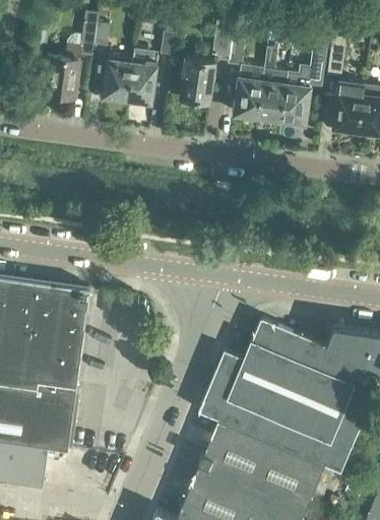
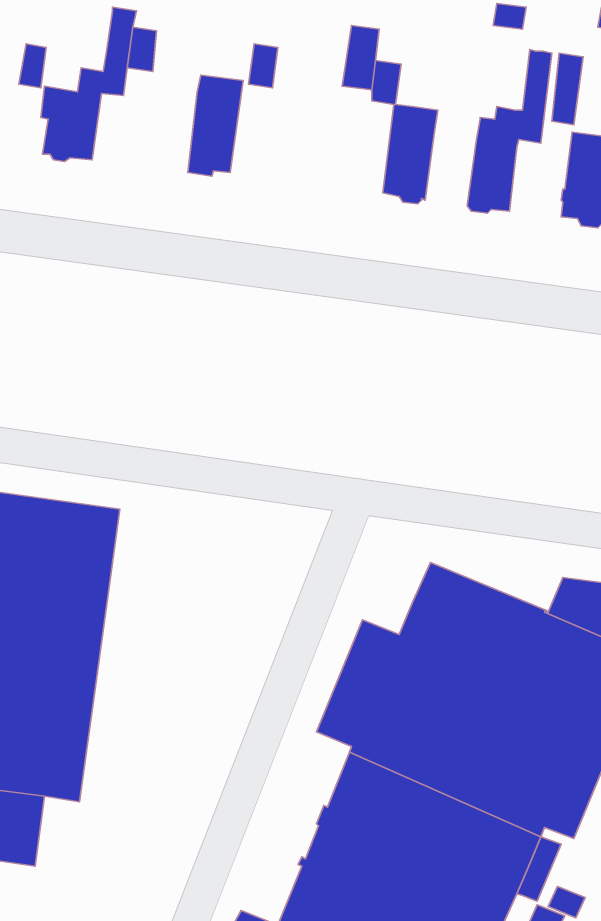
building: [258,49,289,124] -> none
building: [103,56,132,104] -> none
building: [179,59,214,104] -> none

